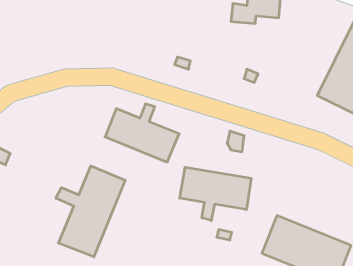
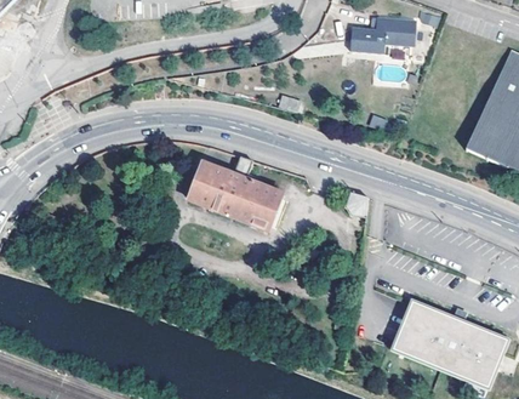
building: [56,166,125,257] -> none
building: [180,167,251,221] -> none

